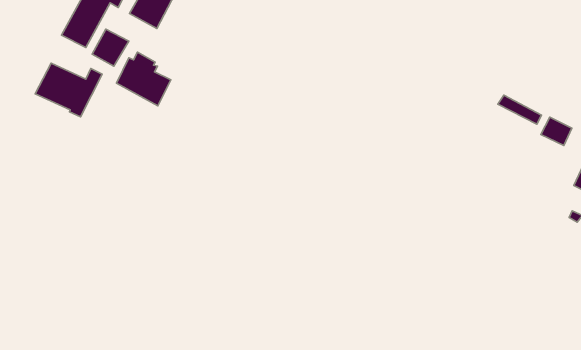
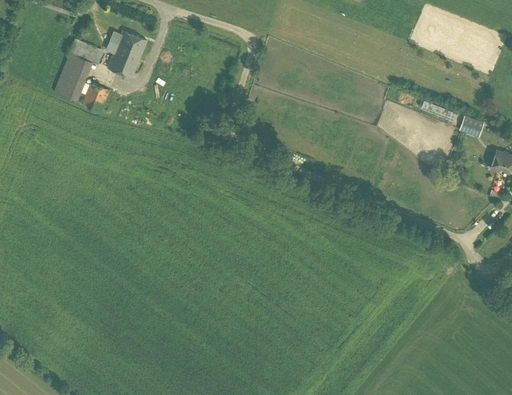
building: [116,52,171,106] -> none
building: [35,63,102,117] -> none

